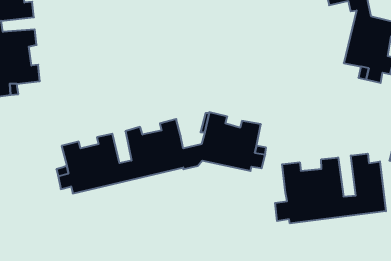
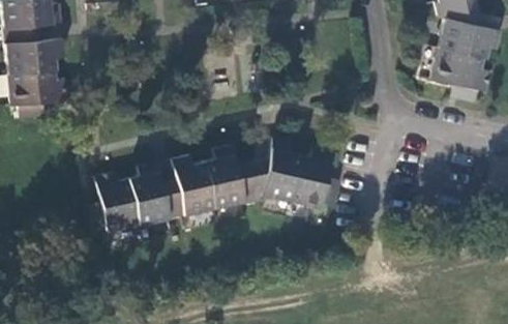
building: [275,154,386,223] -> none

